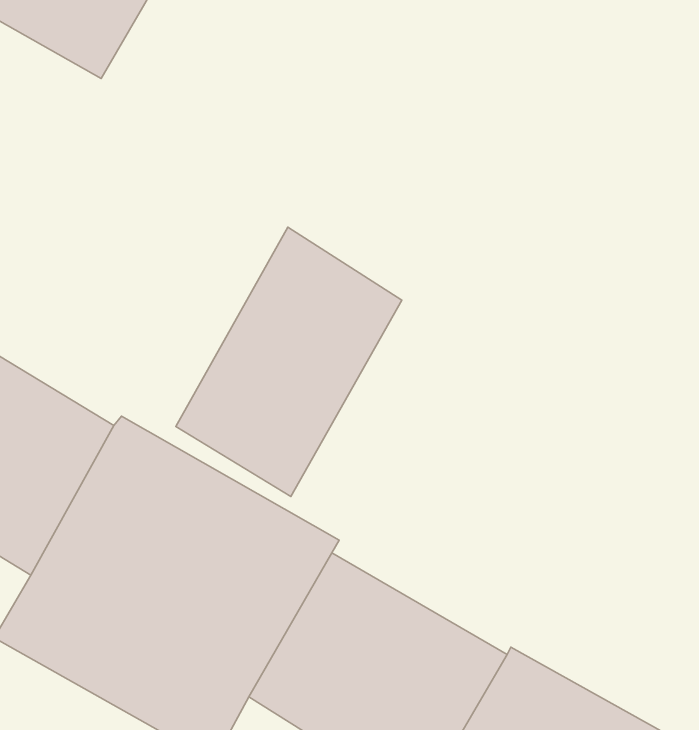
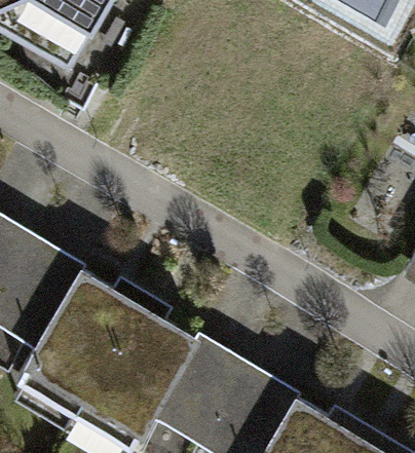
building: [176,227,402,496] -> none

